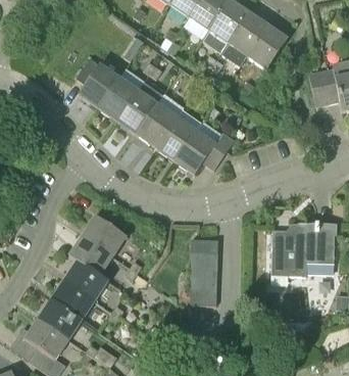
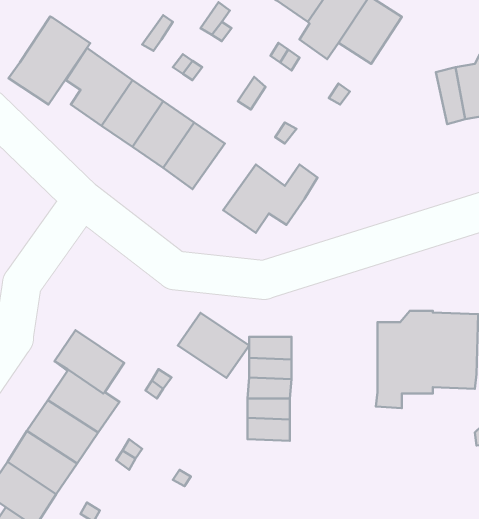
building: none -> [8,17,90,105]
building: [155,119,195,160] -> none
building: [82,216,127,256] -> [178,313,249,378]

